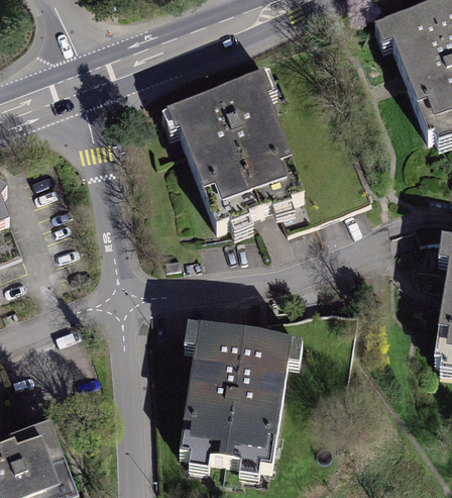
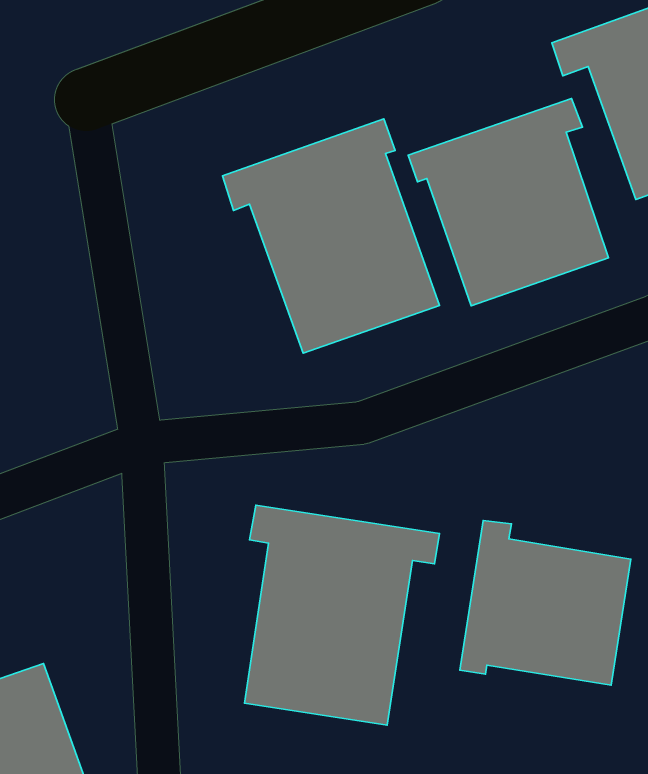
building: none -> [408,99,608,306]
building: none -> [460,520,631,685]

